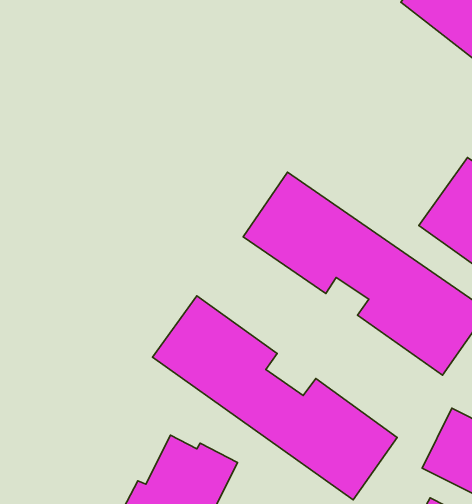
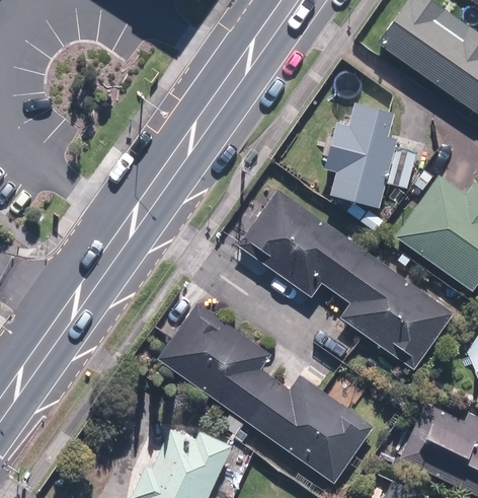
building: none -> [325,105,395,210]

